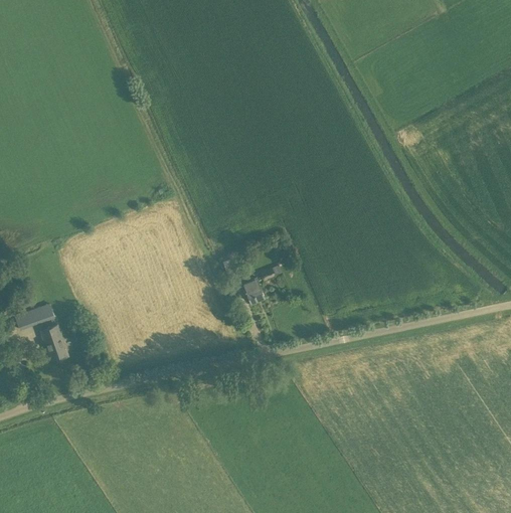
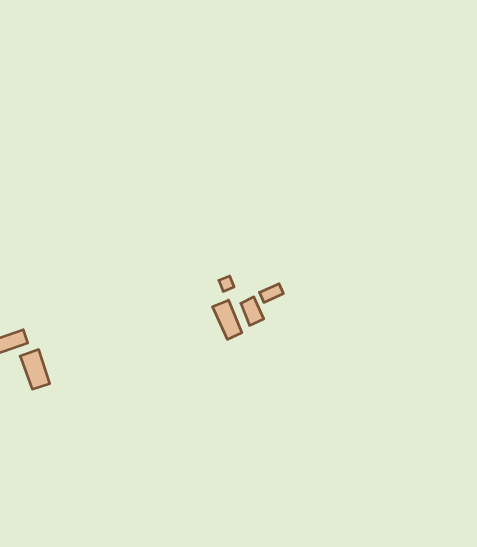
building: none -> [213,300,242,339]

